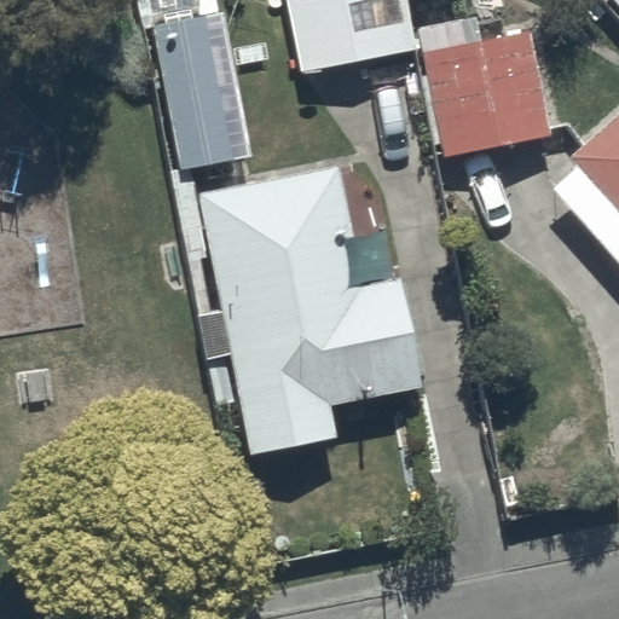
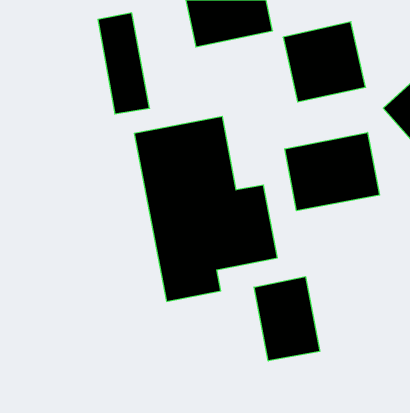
building: none -> [285,132,380,211]
building: none -> [254,277,320,361]

